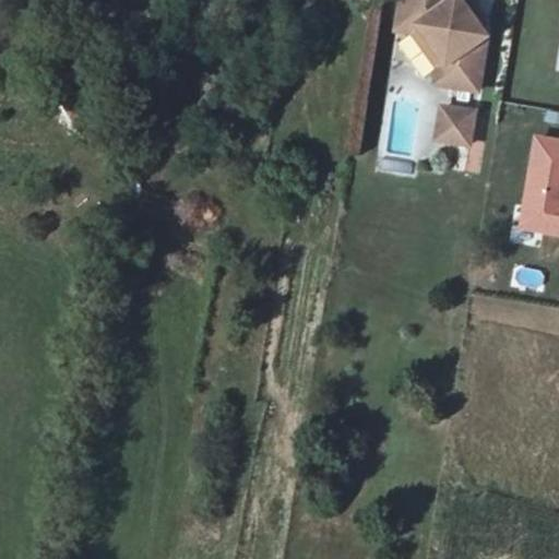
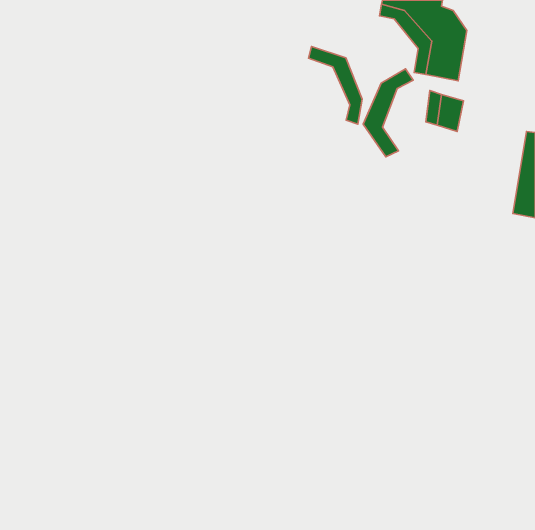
building: none -> [308,46,362,124]
building: none -> [363,69,413,157]

